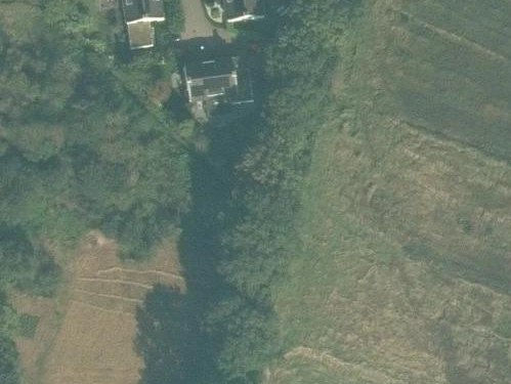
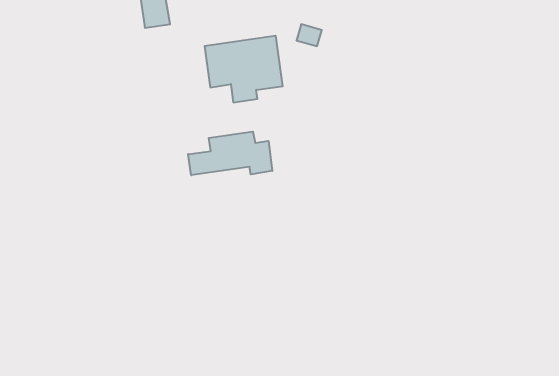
building: none -> [188,132,272,175]

